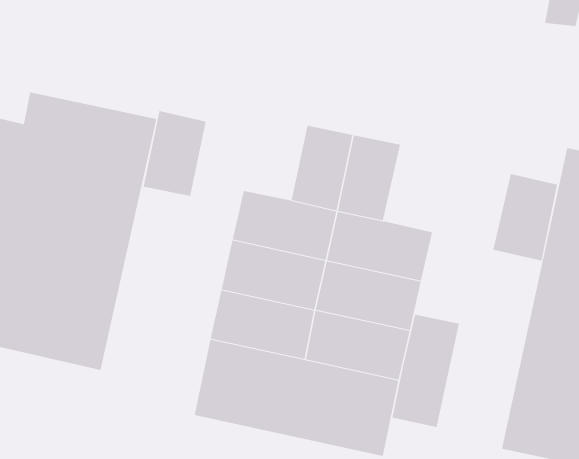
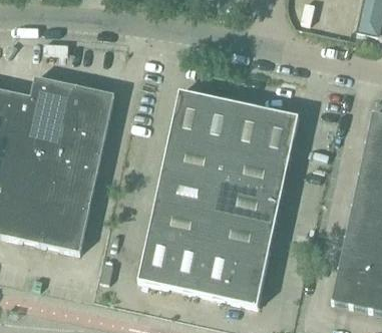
building: [143,111,207,197] -> [168,89,209,143]
building: [493,173,558,261] -> [257,108,298,163]
building: [392,314,460,428] -> none

